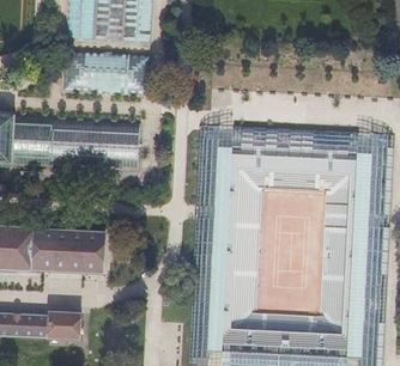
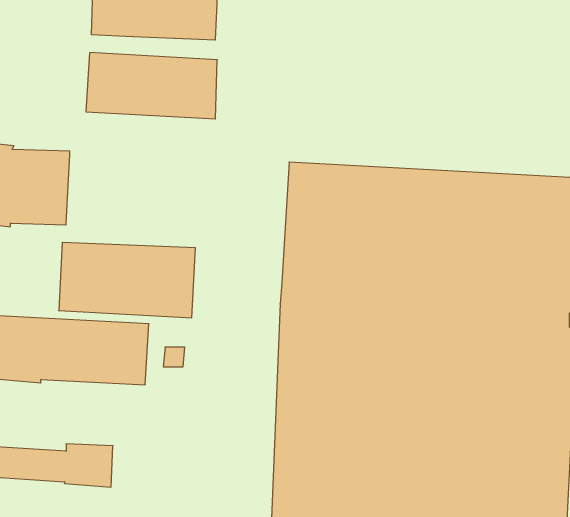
building: [48,118,139,169] -> [59,242,195,318]

